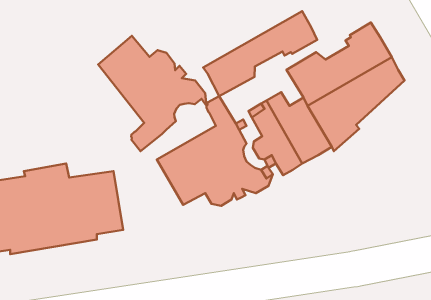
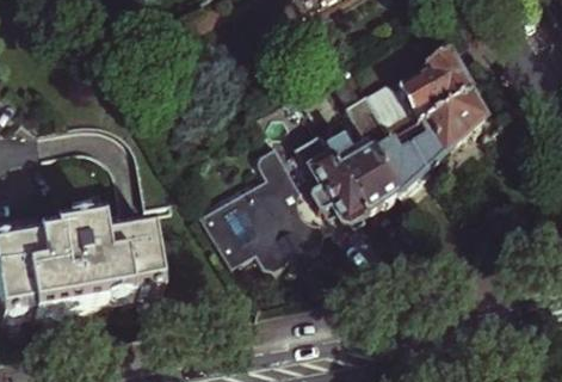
building: [203,11,317,96] -> none
building: [98,36,206,151] -> none

